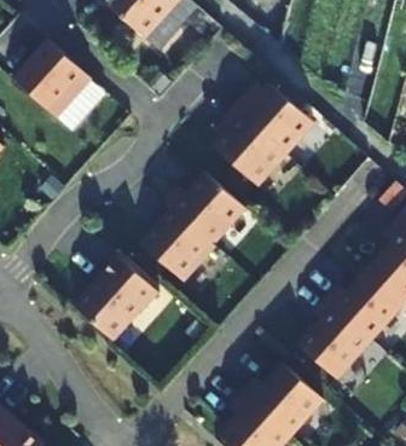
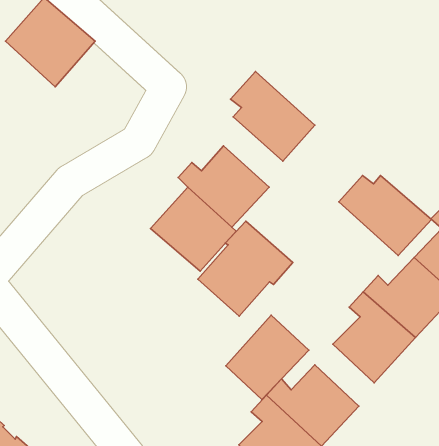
building: [233,83,314,154] -> [339,176,431,255]
building: [76,256,160,340] -> [198,221,293,316]
building: none -> [226,315,309,400]

